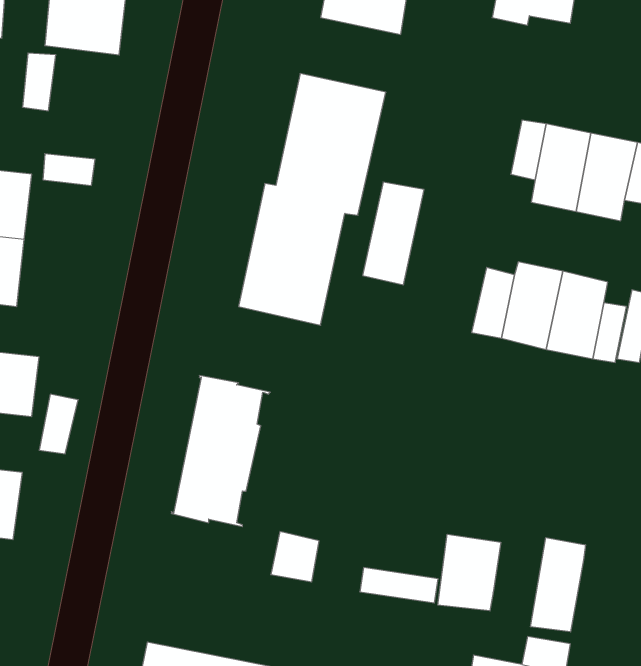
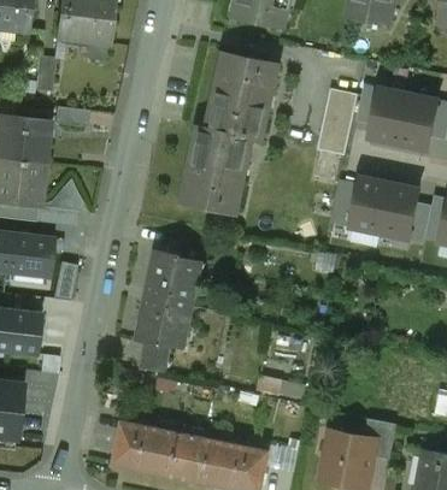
building: [363,182,424,285] -> [318,89,358,155]
building: [271,532,319,582] -> [140,342,171,374]
building: [438,534,501,611] -> none
building: [530,538,585,632] -> none

